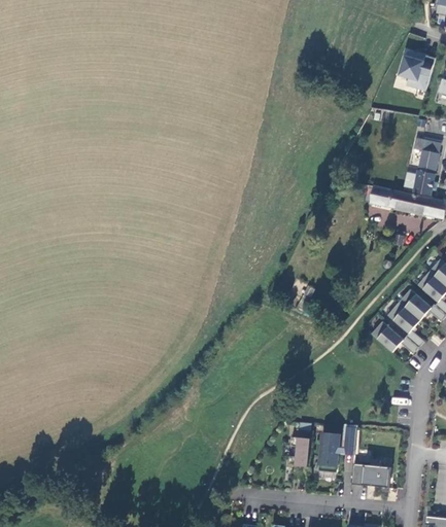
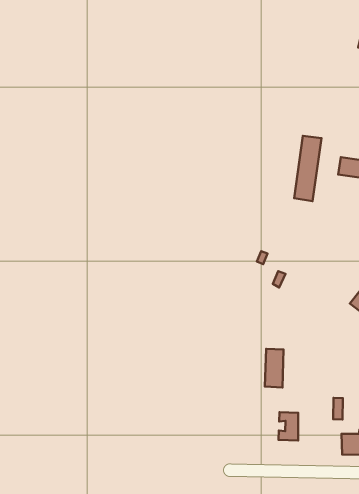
building: none -> [294,136,321,201]
building: [318,432,340,472] -> [265,349,284,387]

